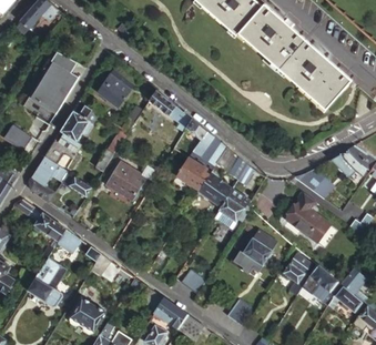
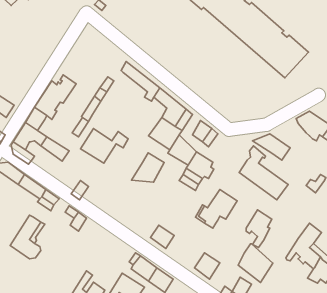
building: [24,51,77,125] -> none
building: [94,71,130,106] -> none
building: none -> [131,153,164,182]
building: [302,262,339,304] -> [238,244,273,283]
building: [64,300,102,337] -> none

